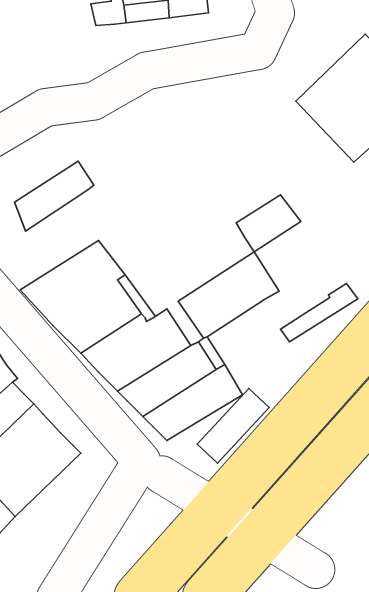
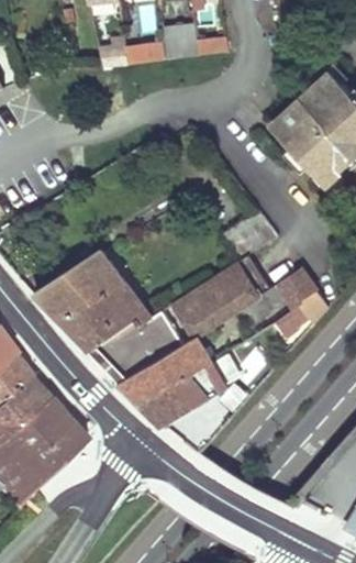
building: [15,161,94,231] -> none
building: none -> [247,268,318,319]

